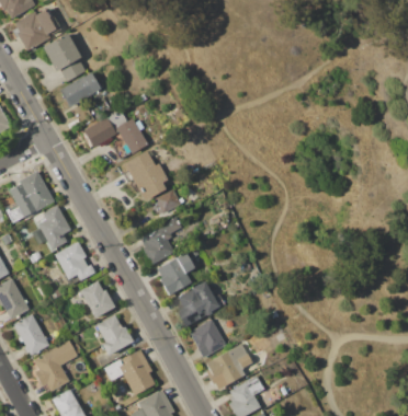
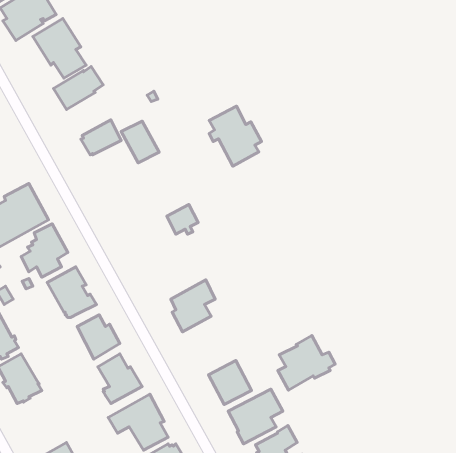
building: [124,150,168,200] -> [209,106,261,166]
building: [140,218,182,264] -> none
building: [177,280,225,326] -> [278,335,335,390]
building: [32,339,78,392] -> none

